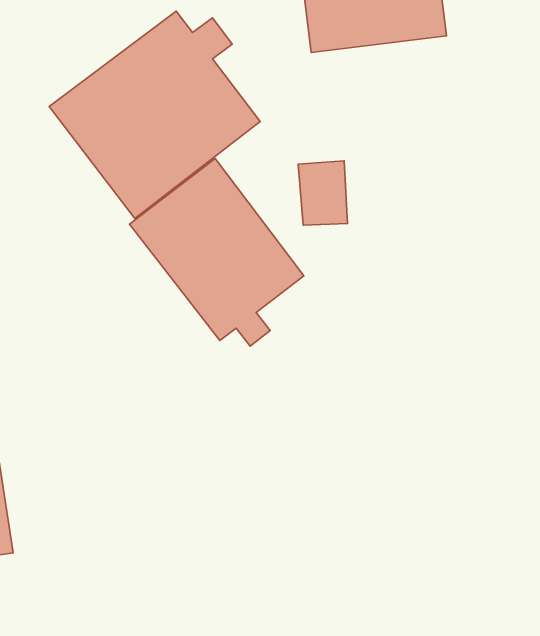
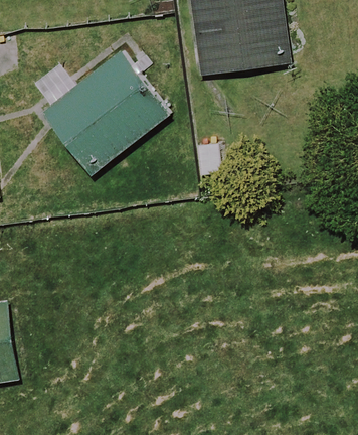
building: [129,159,304,346] -> none

